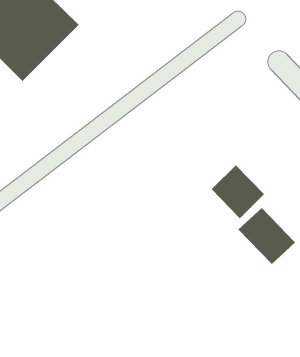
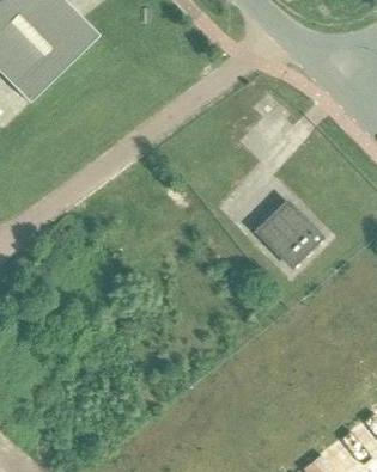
building: [238,207,296,265] -> none

